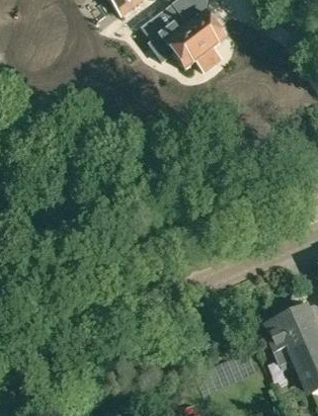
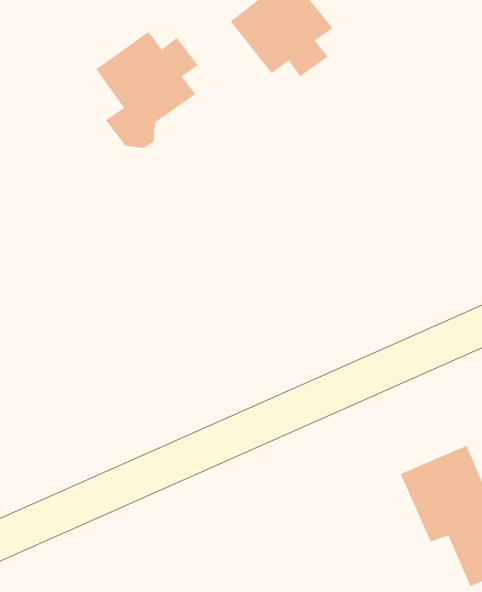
building: none -> [95,31,199,149]

